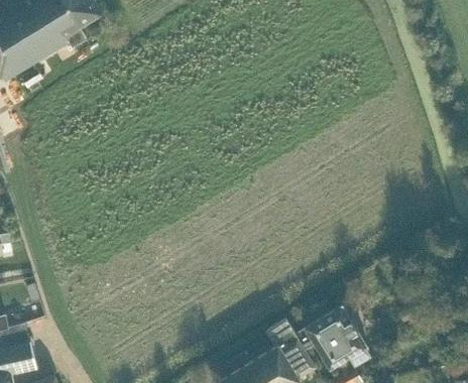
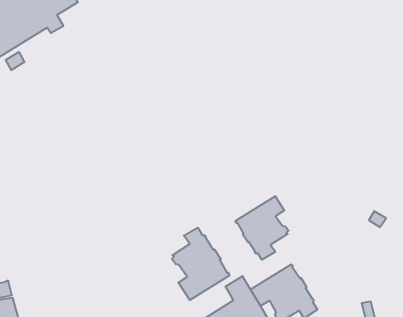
building: none -> [236,196,289,260]
building: none -> [172,228,229,300]

